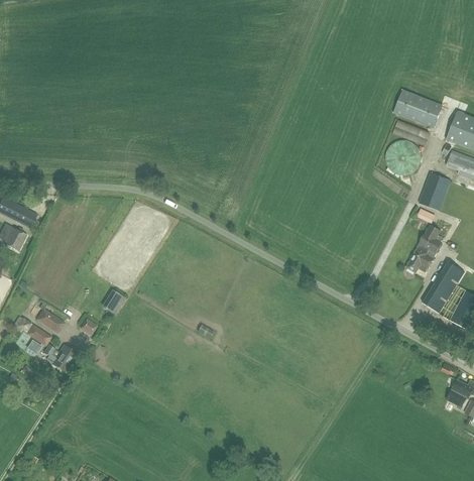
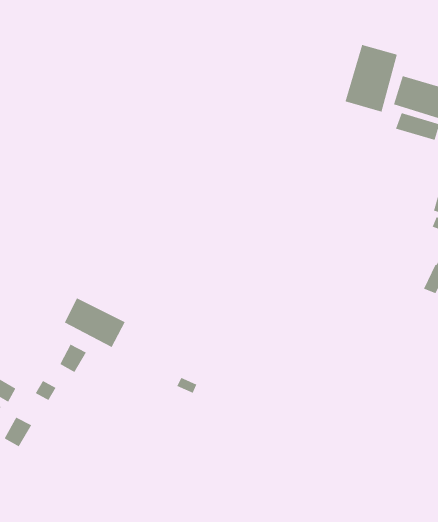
building: none -> [345,44,397,113]
building: none -> [64,298,125,348]

